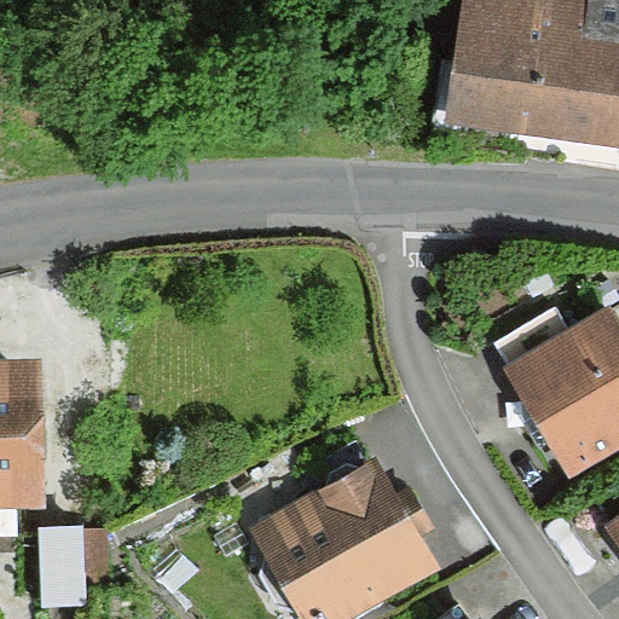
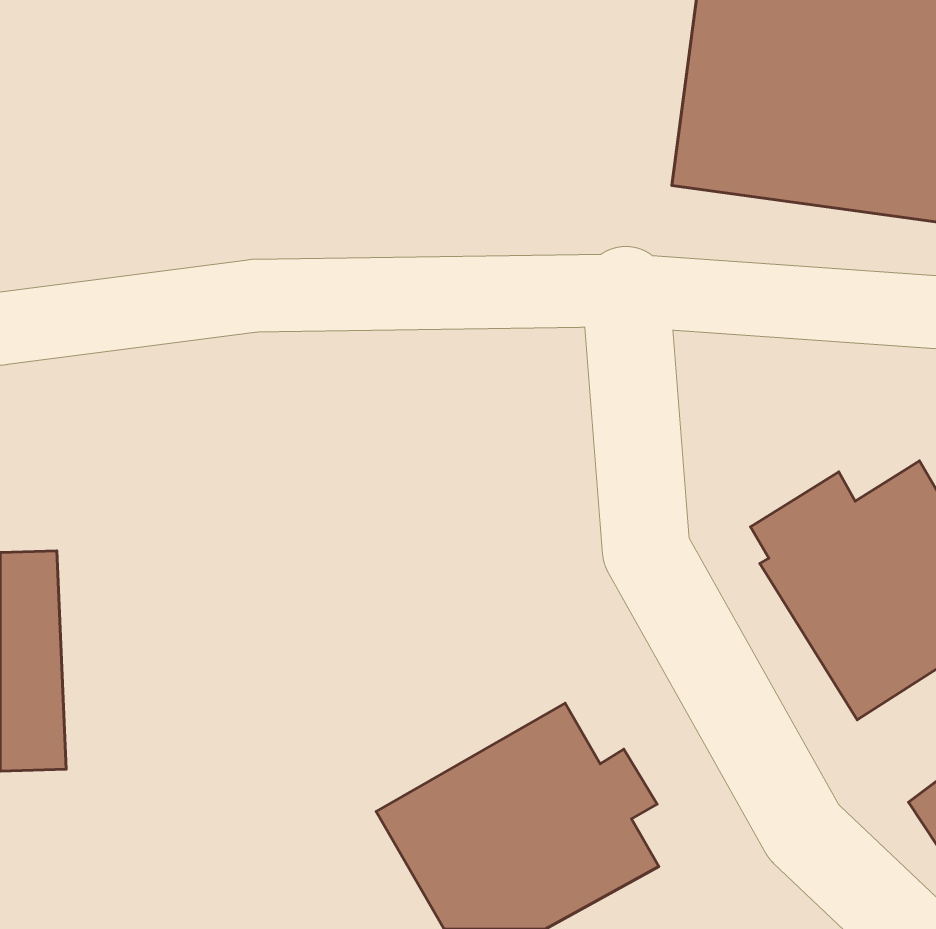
building: [33,536,104,603] -> none

